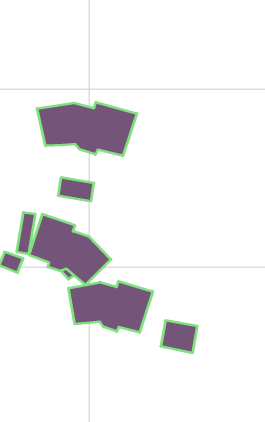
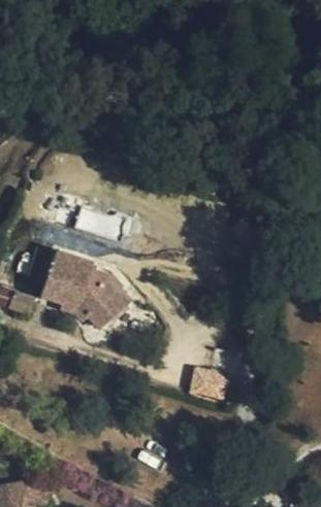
building: [37,102,137,156] -> none
building: [69,281,153,333] -> none

